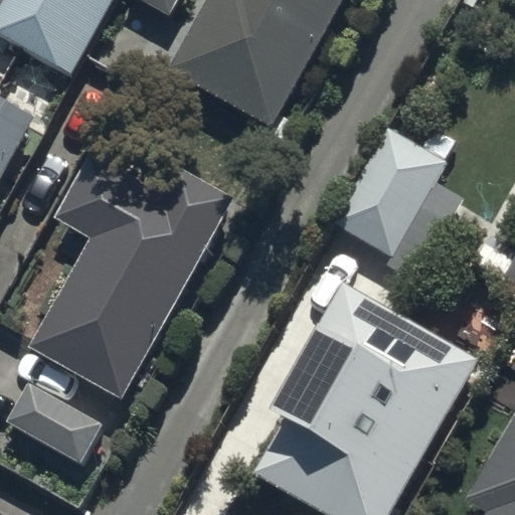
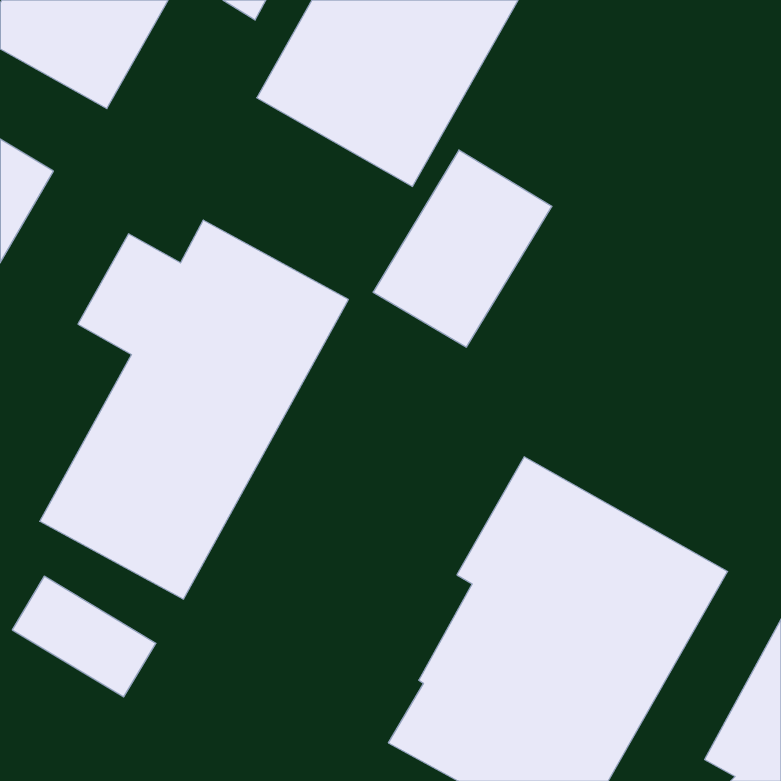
building: [331,142,449,272] -> [373,150,552,347]

